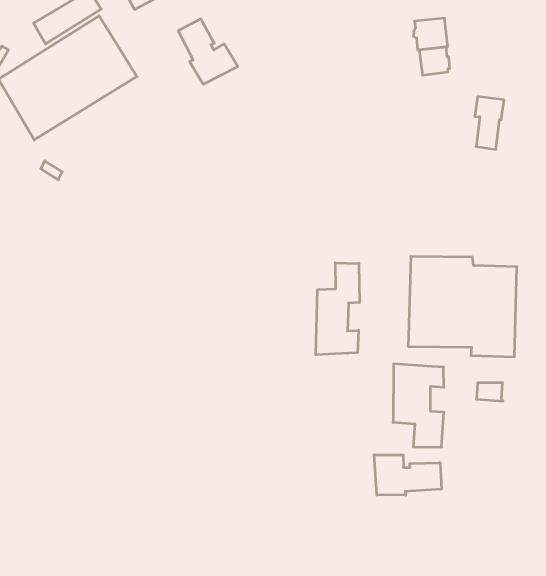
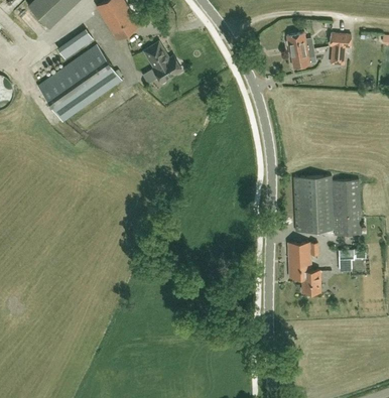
building: [475,97,504,149] -> [330,33,347,64]
building: [316,263,360,355] -> none
building: [374,455,441,495] -> none

